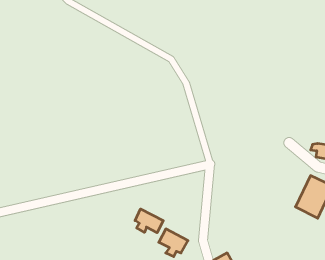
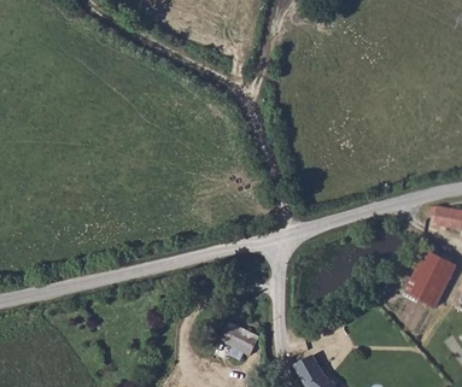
building: [135,209,163,233] -> none

